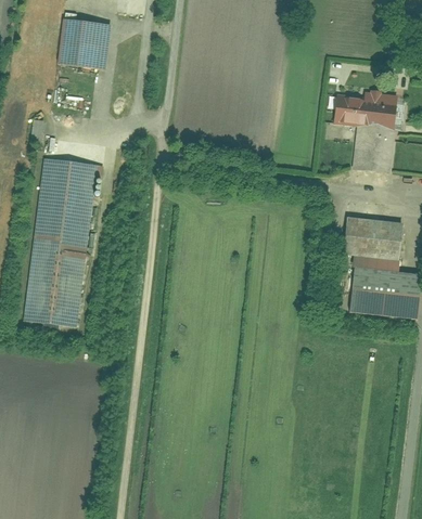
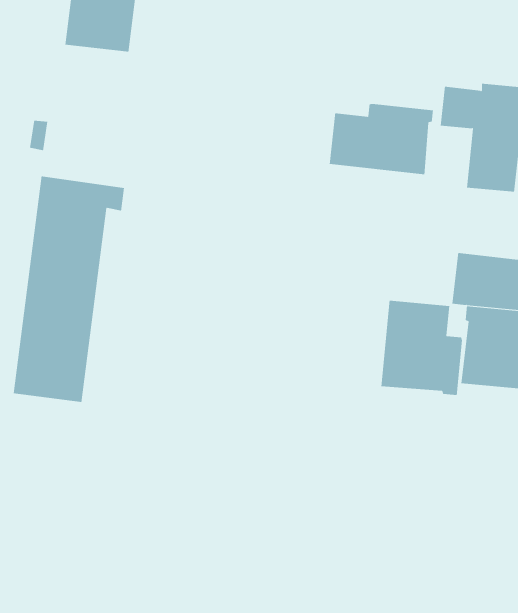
building: none -> [329,103,433,175]
building: none -> [381,300,462,396]

